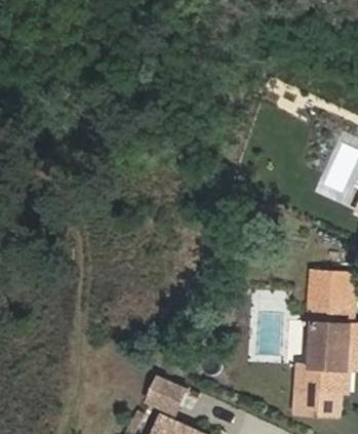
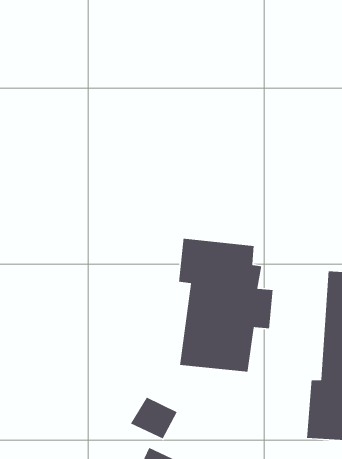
building: none -> [178,238,274,373]

